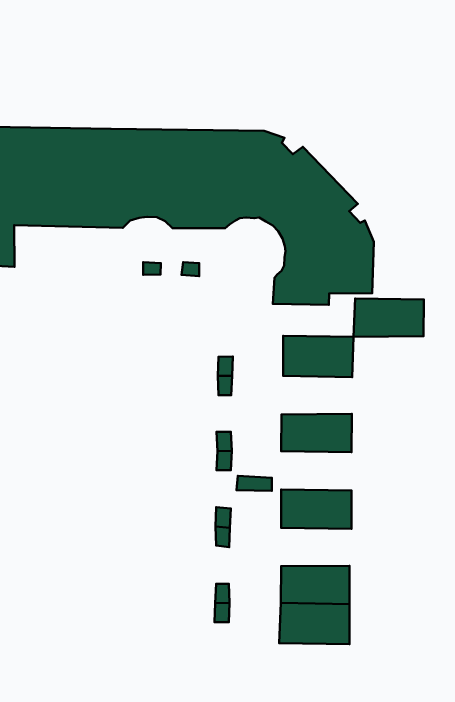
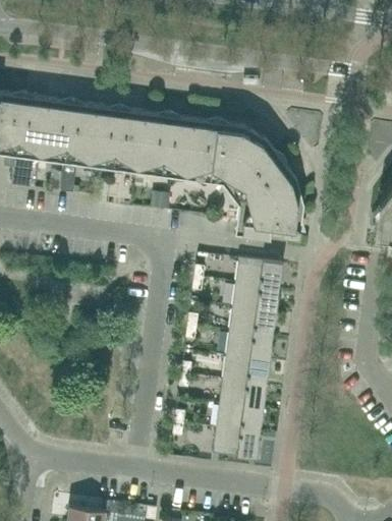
building: [353,298,424,337] -> [231,282,279,311]
building: none -> [225,330,273,360]
building: none -> [219,379,267,408]

